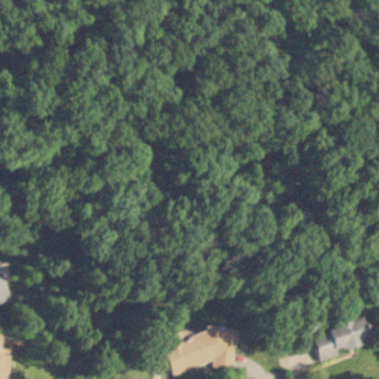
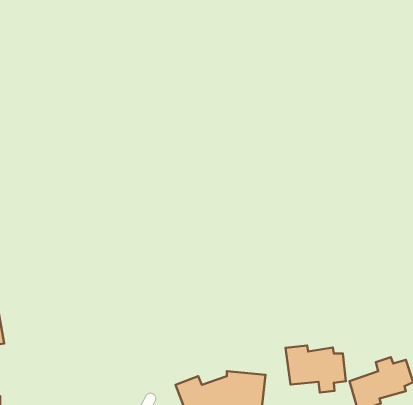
building: none -> [285,346,346,392]

